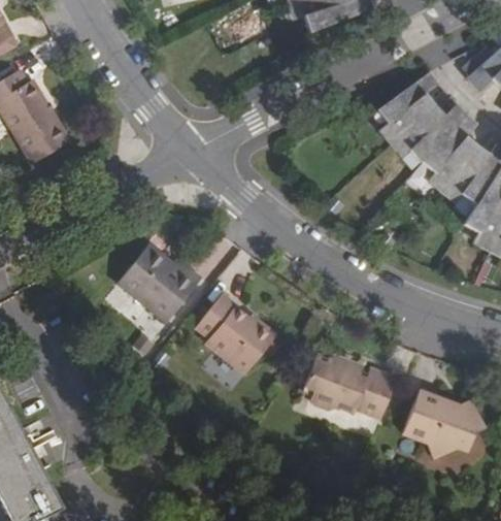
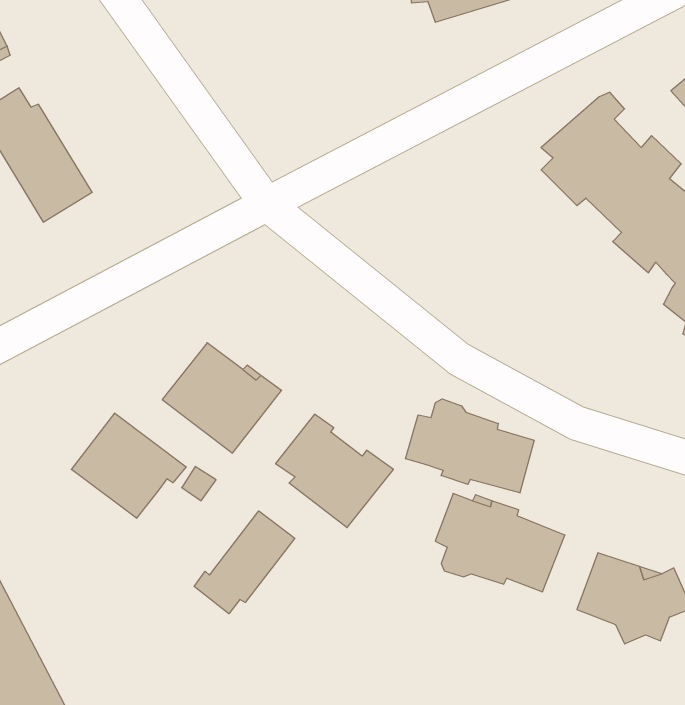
building: none -> [405,399,534,493]
building: none -> [71,413,186,518]
building: none -> [194,511,295,614]

